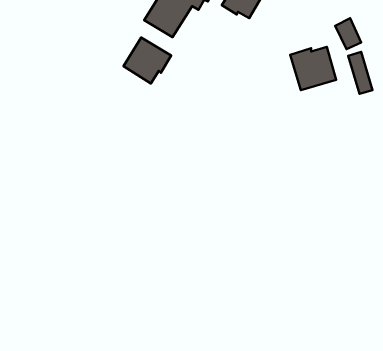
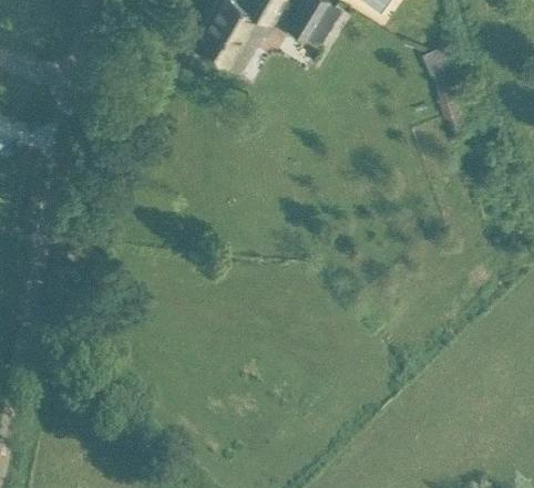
building: [123,37,171,83] -> none
building: [290,47,336,90] -> none

